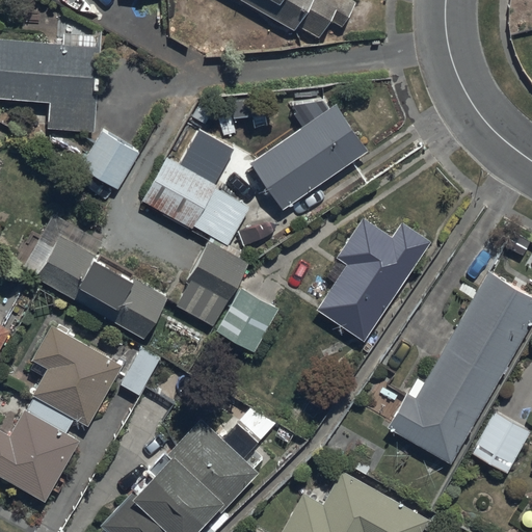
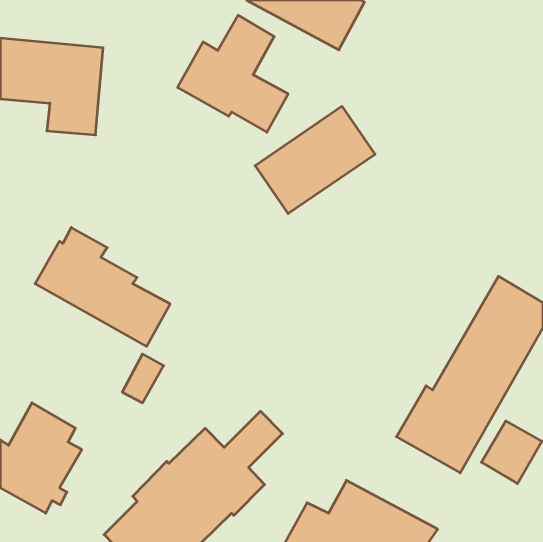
building: [140,131,248,245] -> [178,15,288,132]
building: [80,132,138,189] -> none
building: [317,218,430,342] -> none
building: [176,243,278,353] -> none
building: [31,326,123,427] -> none

